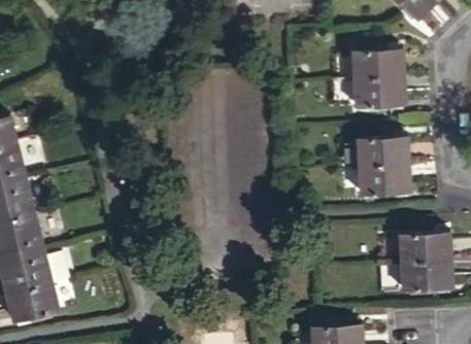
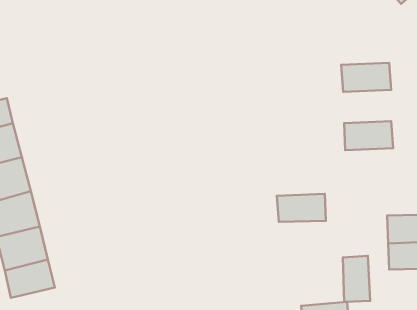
building: [352,50,403,80] -> none
building: [358,166,408,195] -> [277,194,326,222]
building: none -> [343,256,370,302]

